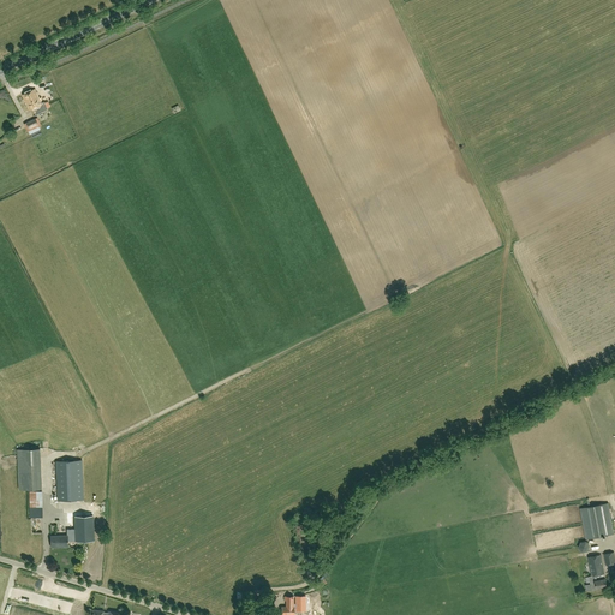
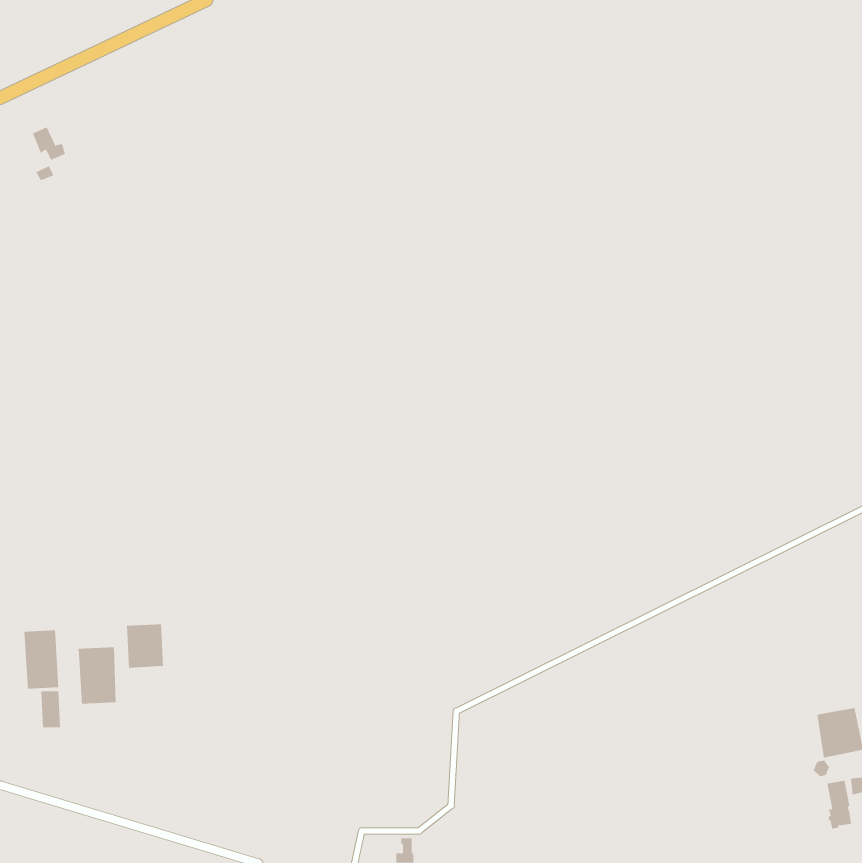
building: none -> [127,624,163,668]
building: [52,517,86,547] -> none

